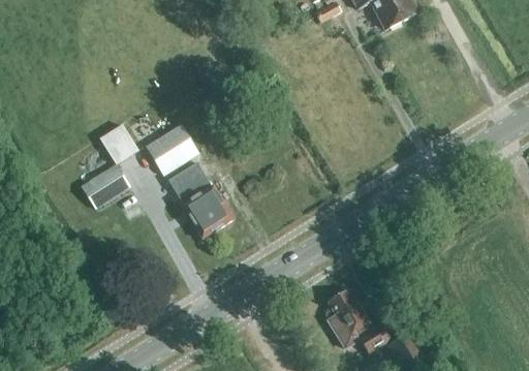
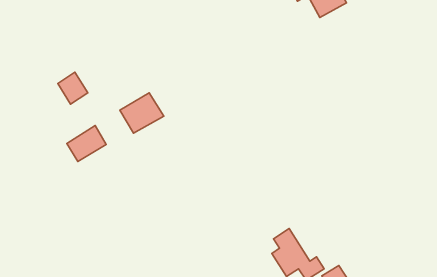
building: [100,123,136,161] -> [58,72,88,104]
building: [172,166,234,238] -> none

